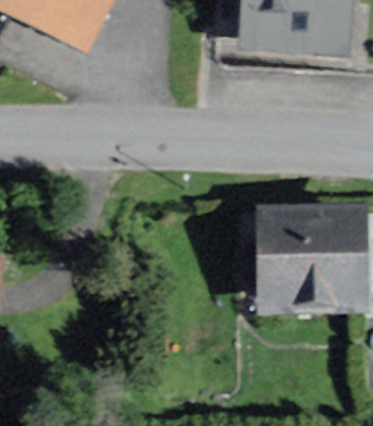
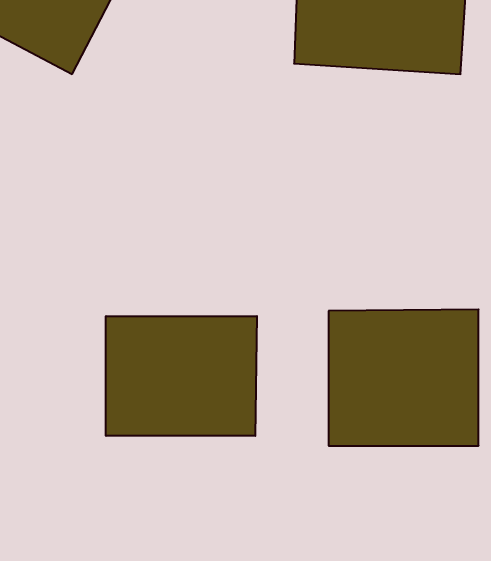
building: none -> [106,316,257,436]

